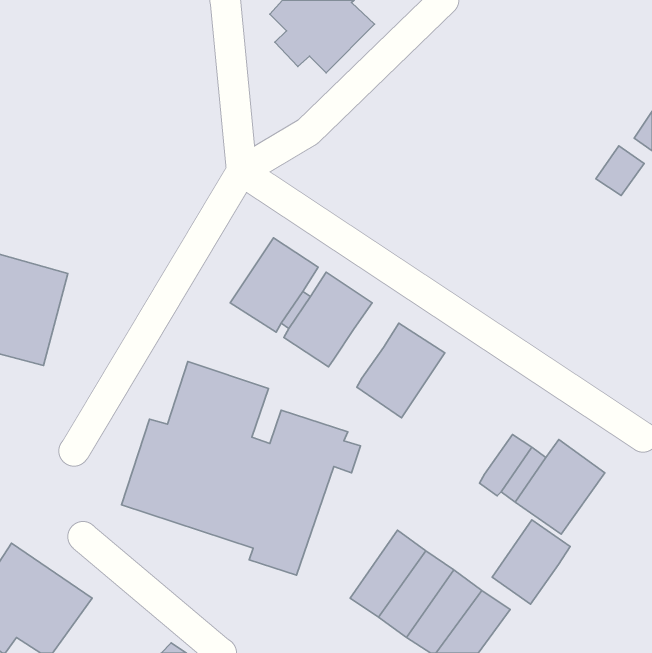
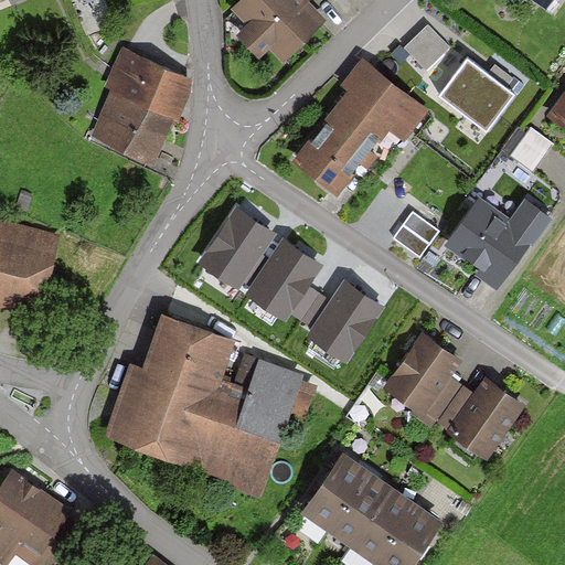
building: none -> [404,23,449,70]
building: none -> [90,49,190,160]
building: none -> [439,56,513,128]
building: none -> [294,60,424,191]
building: none -> [447,200,545,286]
building: none -> [393,211,438,255]
building: none -> [288,284,331,327]
building: [492,520,570,604] -> [385,337,452,409]

